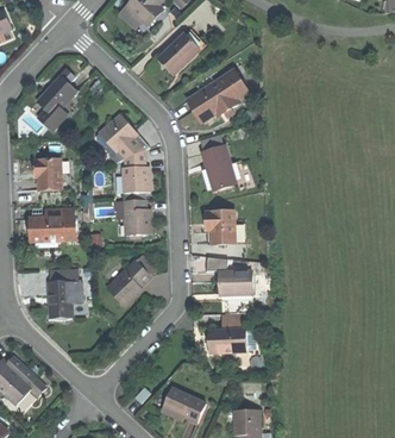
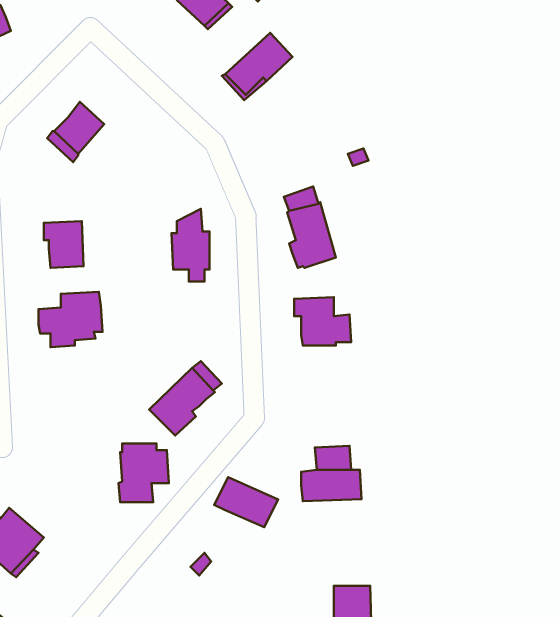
building: [189,69,247,120] -> none
building: [100,114,149,158] -> none
building: [115,200,150,234] -> none
building: [219,271,252,295] -> none
building: [48,276,82,317] -> [119,443,169,502]
building: [162,388,206,423] -> [214,477,278,527]

